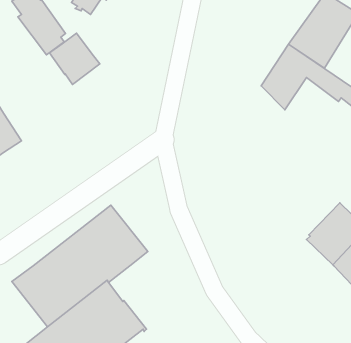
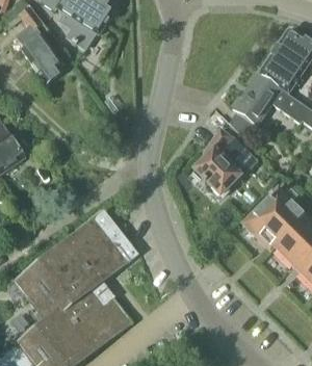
building: [49,33,100,84] -> none
building: none -> [191,128,257,194]
building: none -> [242,185,301,239]

